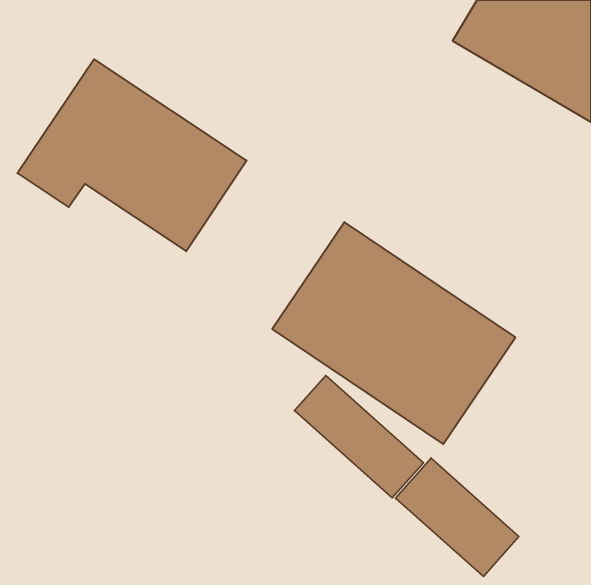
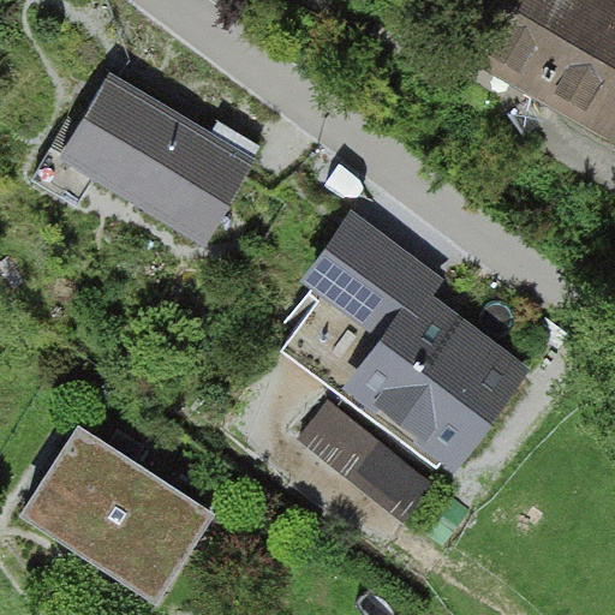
building: none -> [25,425,215,602]
building: [396,458,519,576] -> none

